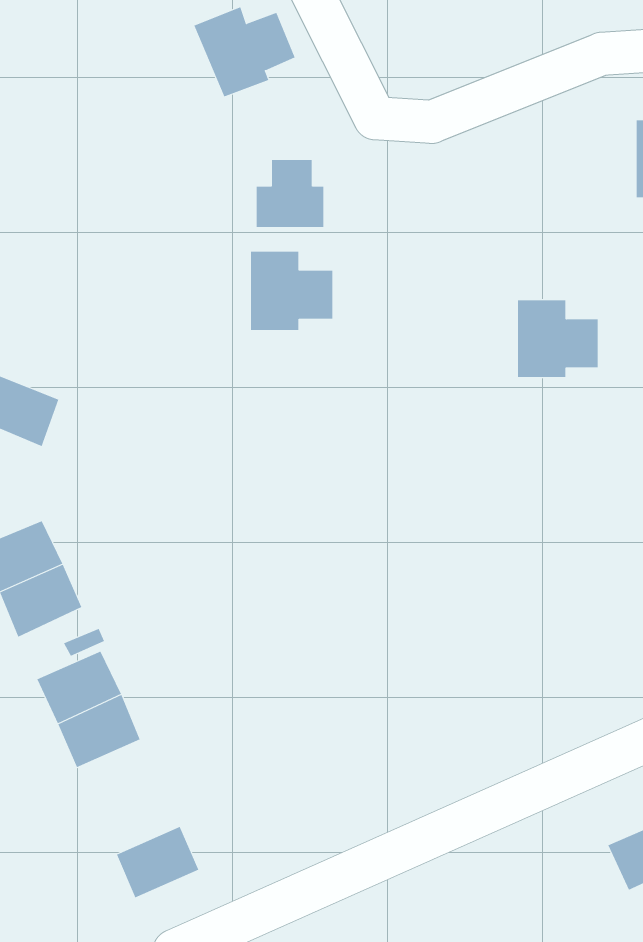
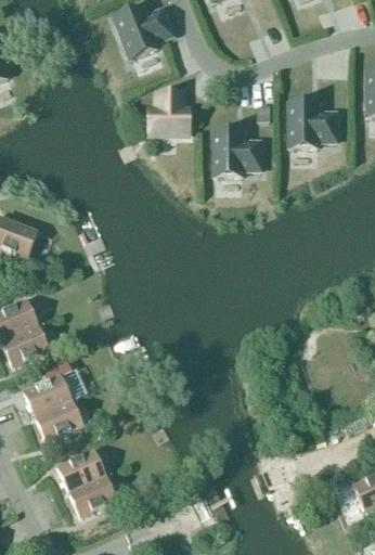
building: [250,251,333,331] -> [214,129,261,175]
building: [517,300,598,377] -> [289,101,336,145]
building: none -> [57,449,106,491]

